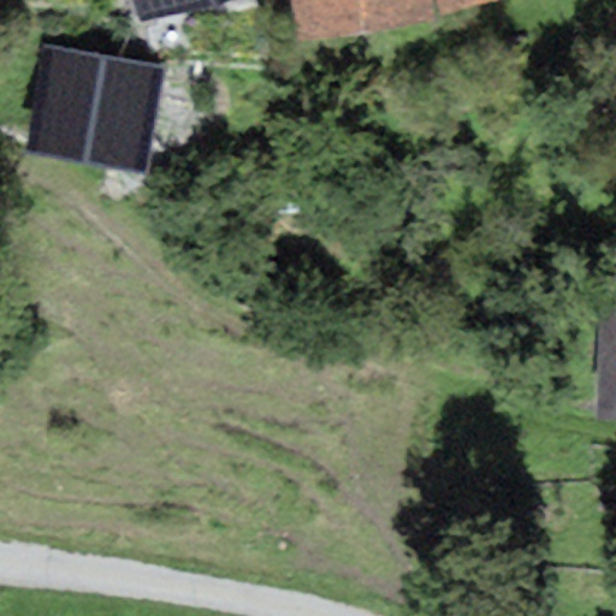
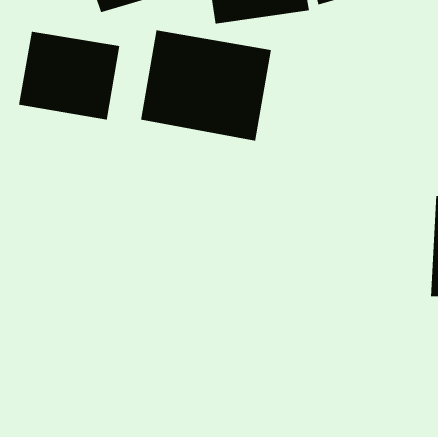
building: none -> [141,29,272,141]

